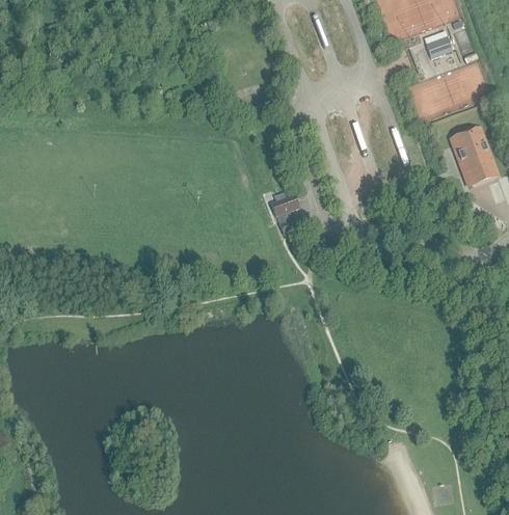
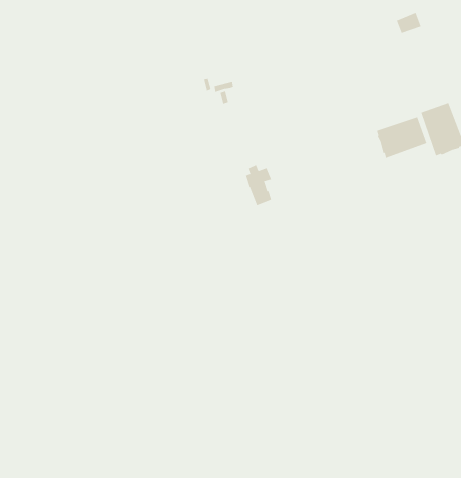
building: none -> [376,116,427,159]

